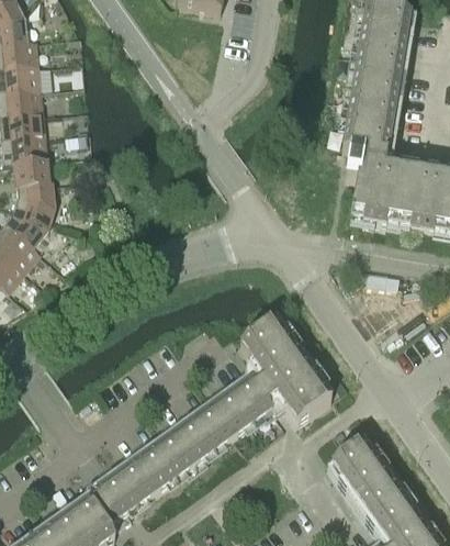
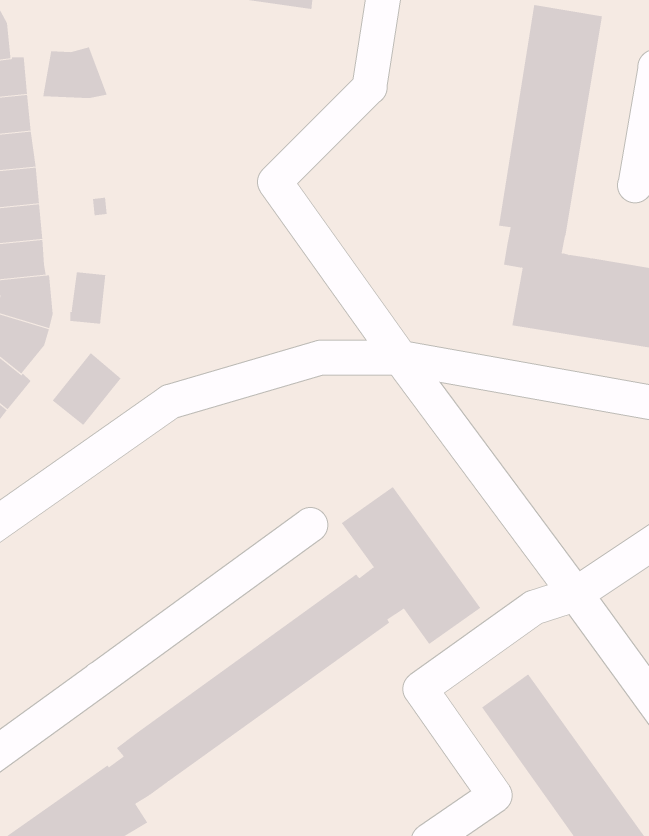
building: none -> [43,46,107,99]
building: none -> [70,271,106,324]
building: none -> [52,352,121,426]

